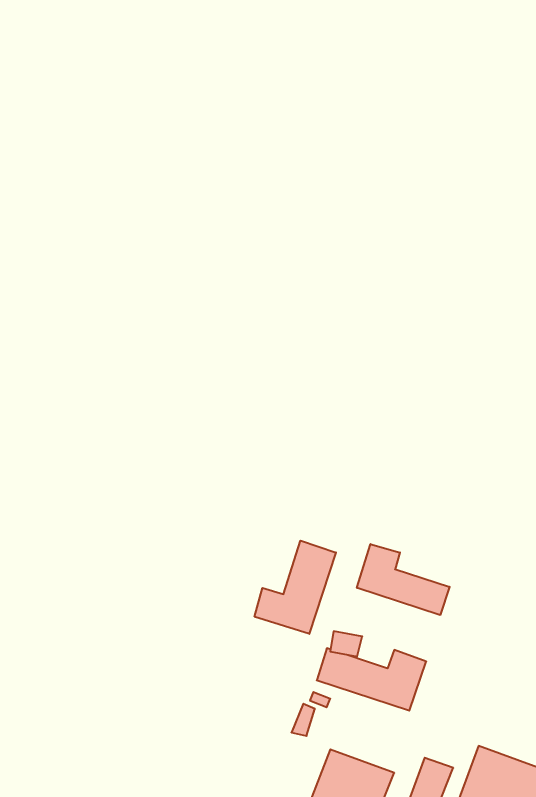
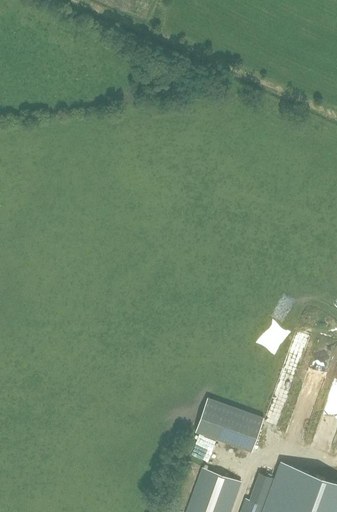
building: [255,541,336,634] -> none
building: [357,544,450,615] -> none

